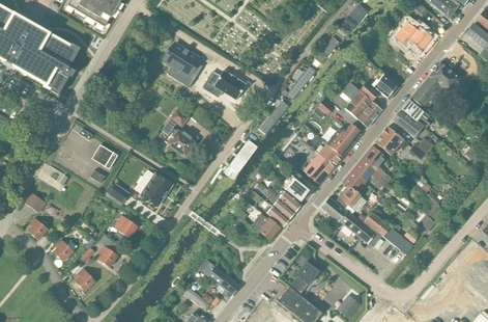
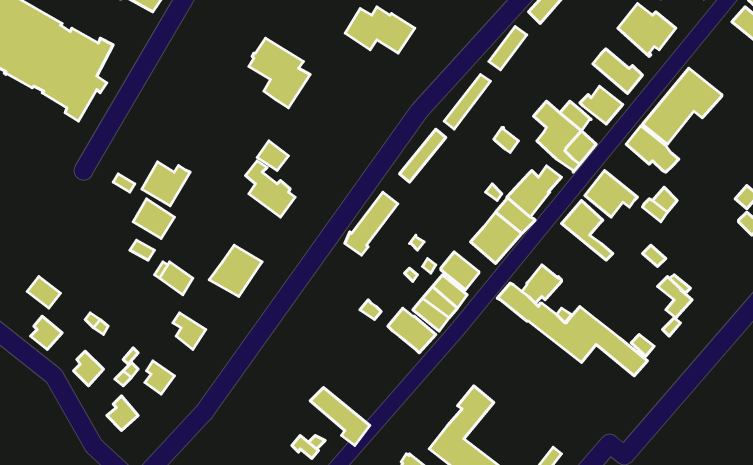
building: [203,70,247,99] -> [345,7,415,53]
building: [393,109,424,137] -> [593,49,642,93]
building: none -> [142,162,190,206]
building: [343,159,389,193] -> none

